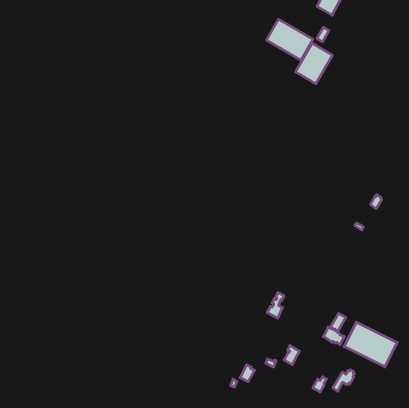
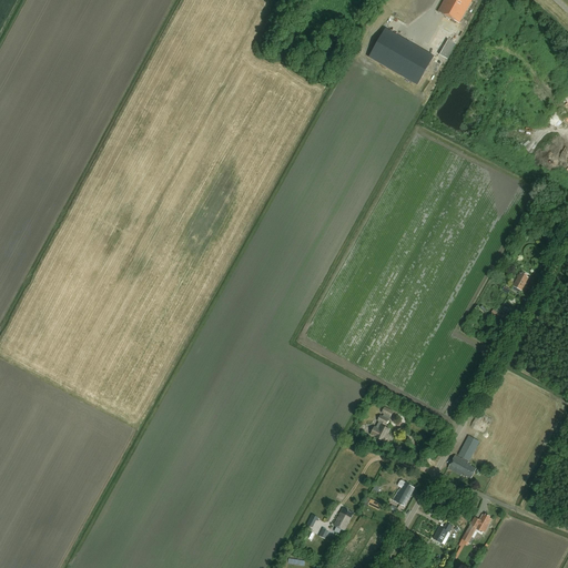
building: [296,43,332,84] -> none
building: [344,322,397,367] -> none

